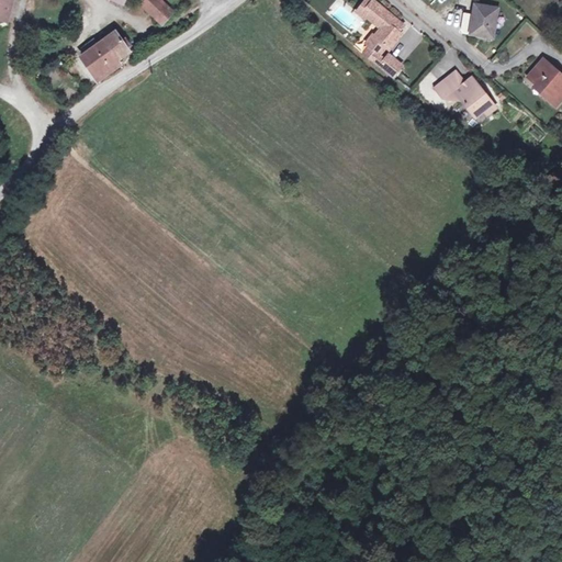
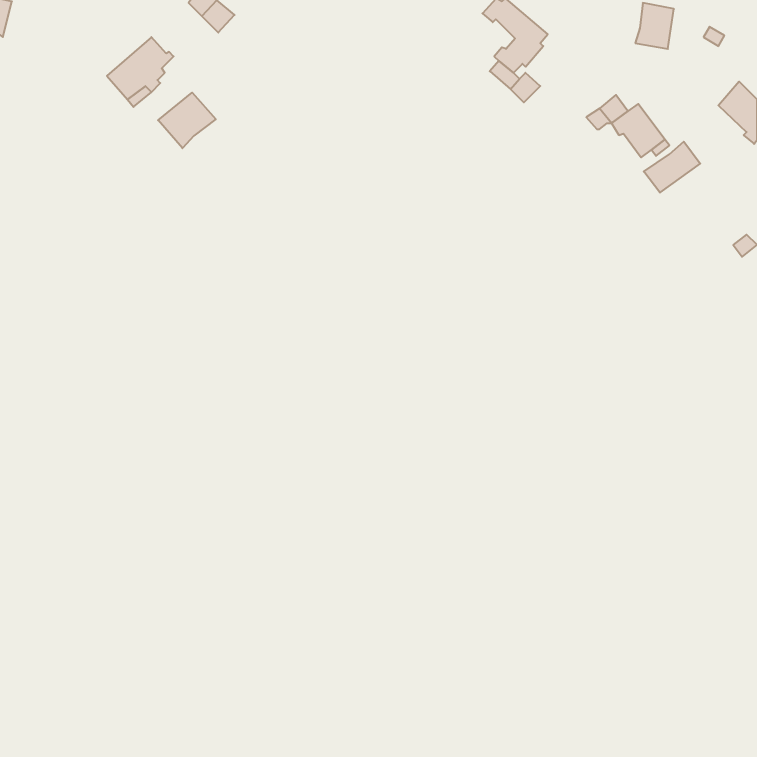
building: none -> [158,93,216,148]
building: none -> [644,142,700,193]

